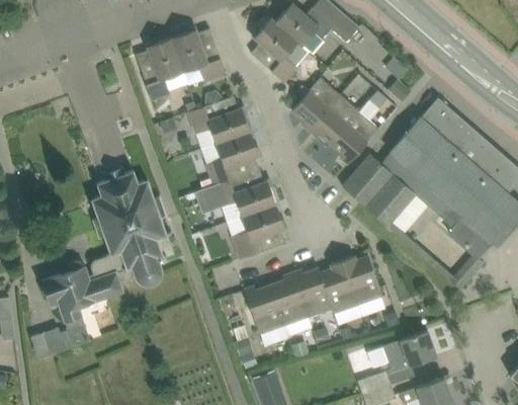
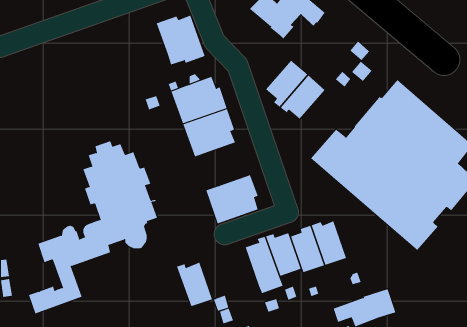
building: [251,17,309,82] -> none
building: [136,37,184,100] -> none
building: [331,111,379,164] -> none
building: [196,169,276,217] -> none
building: [244,285,284,334] -> [176,262,213,307]

